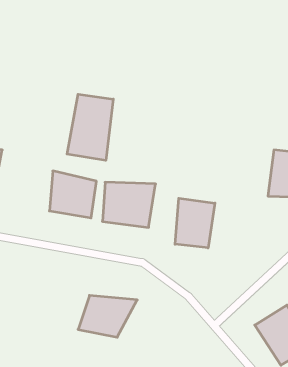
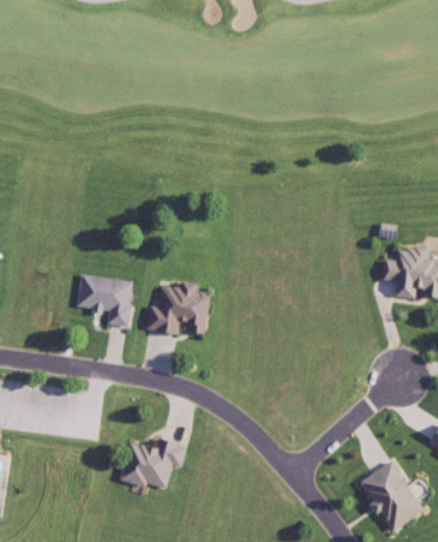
building: [67,94,113,160] -> none
building: [175,198,215,248] -> none

